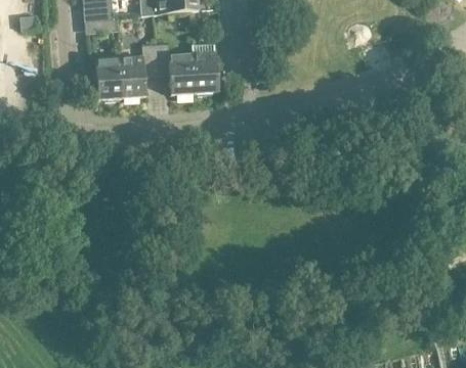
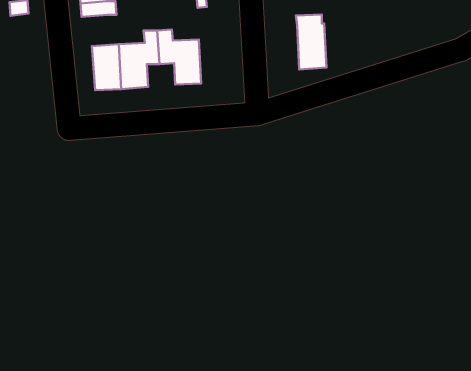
building: [190,43,218,93] -> [296,14,326,70]

